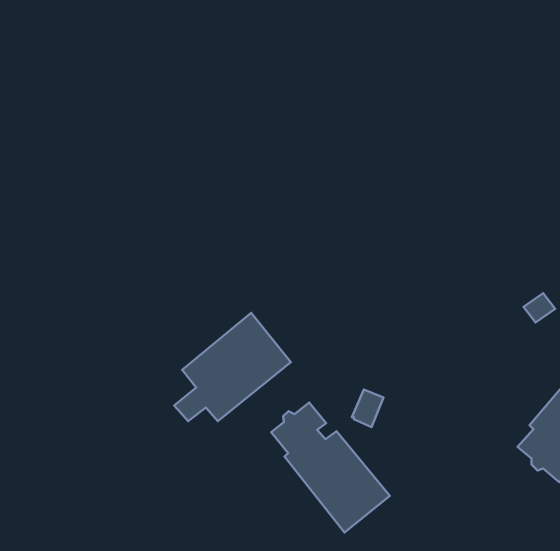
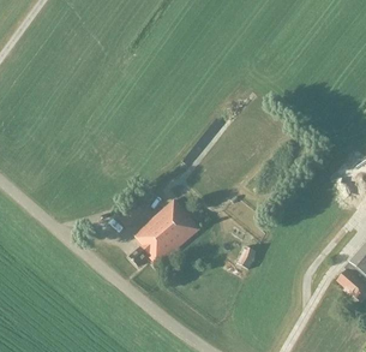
building: [271,402,390,533] -> none

